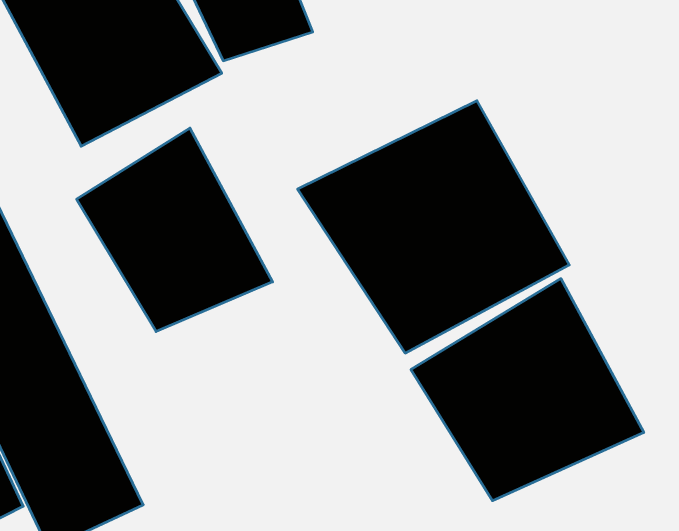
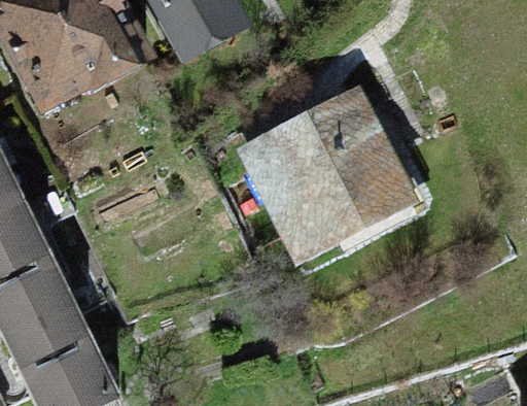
building: [77,128,273,332] -> none
building: [411,279,644,501] -> none

